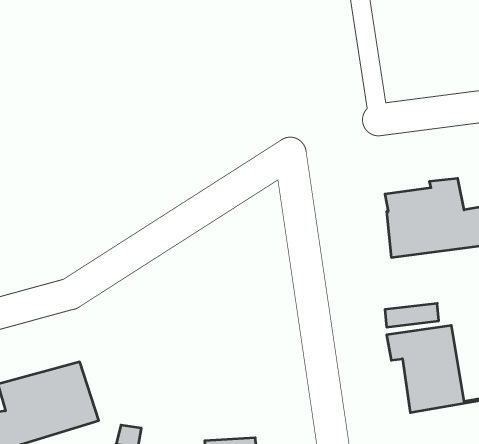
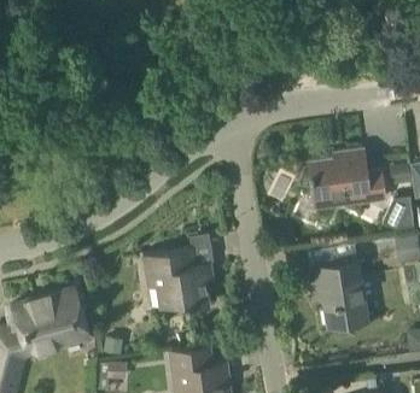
building: none -> [144,247,212,310]

